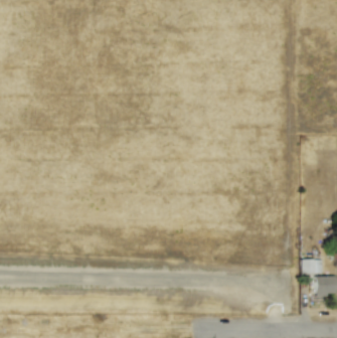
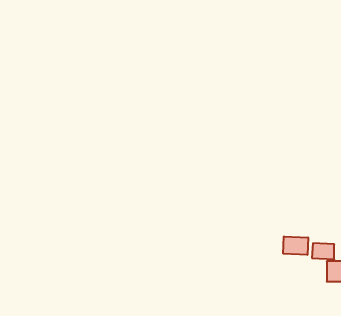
building: none -> [283,236,308,255]

